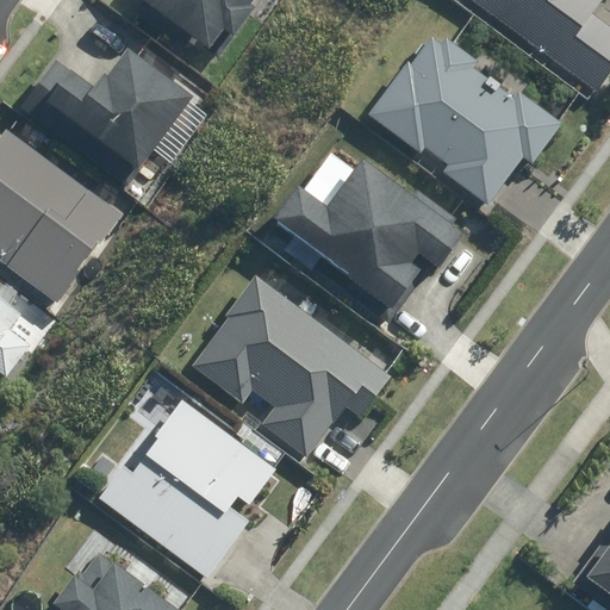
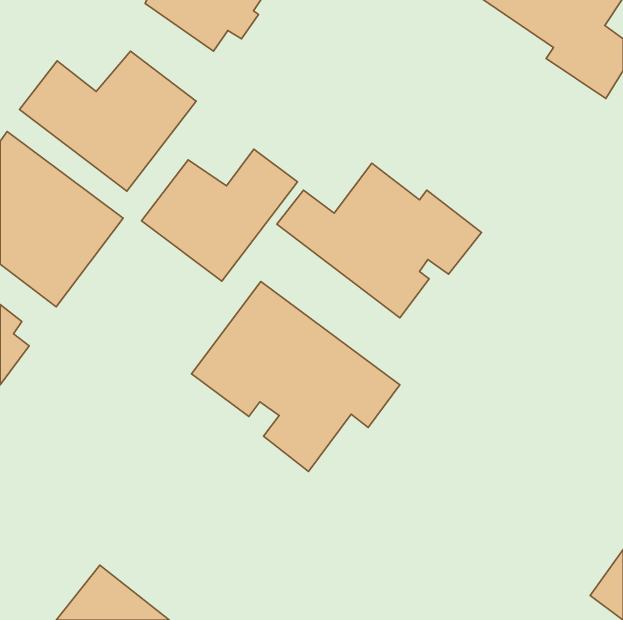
building: [368,26,564,203] -> none
building: none -> [142,149,298,281]
building: [99,398,279,579] -> none

